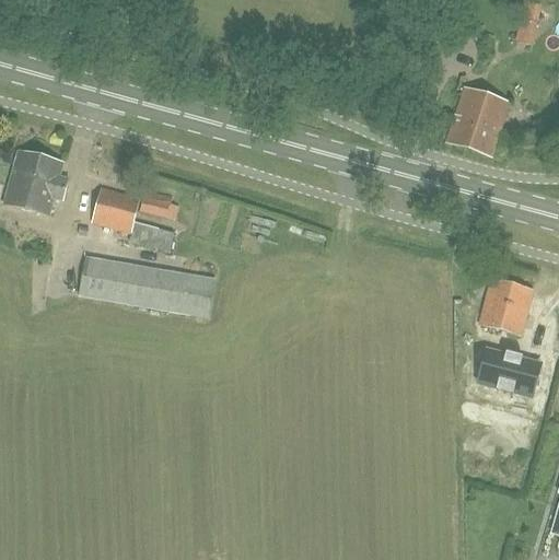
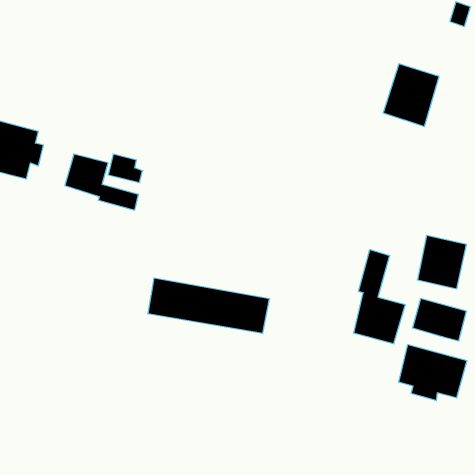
building: [79,254,214,315] -> [148,278,270,333]
building: none -> [354,250,405,344]
building: none -> [399,344,467,401]

